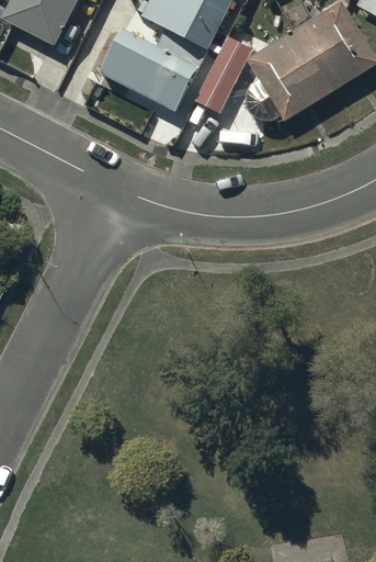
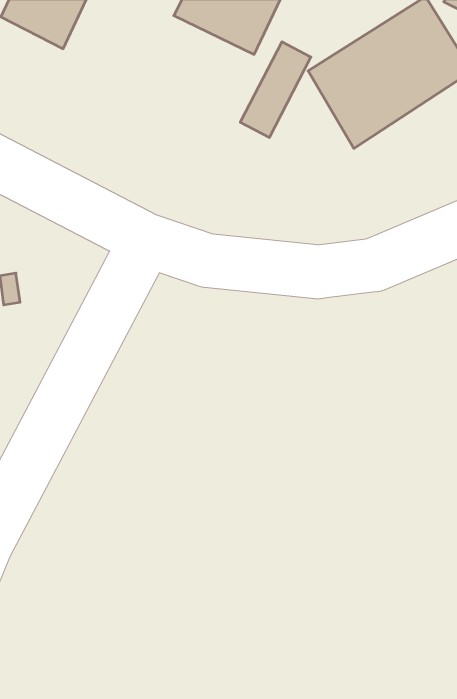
building: [100,26,200,111] -> none

